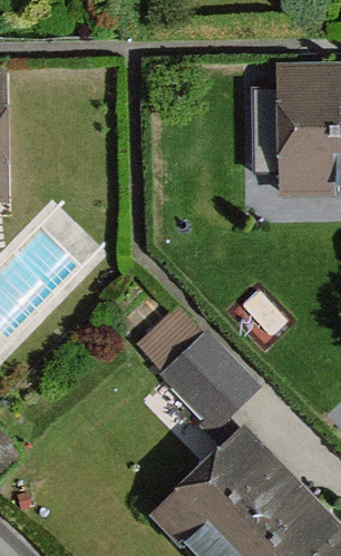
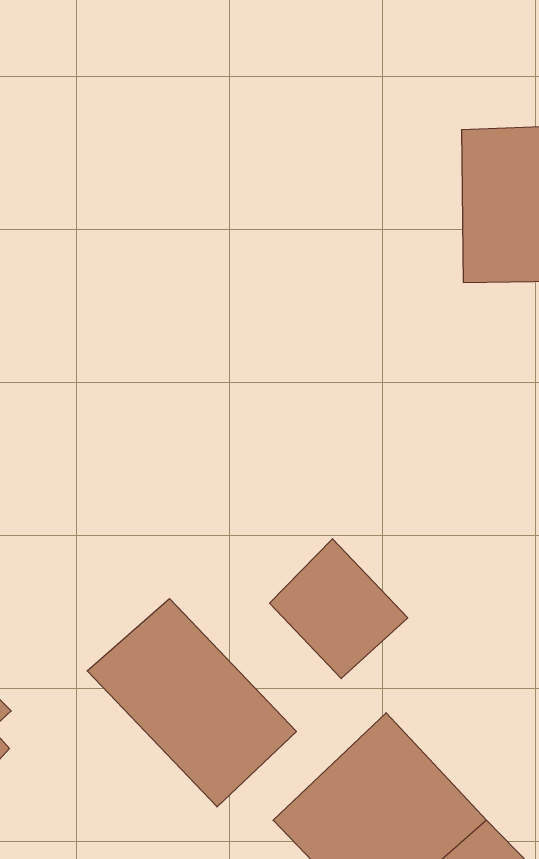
building: none -> [87,599,296,807]

